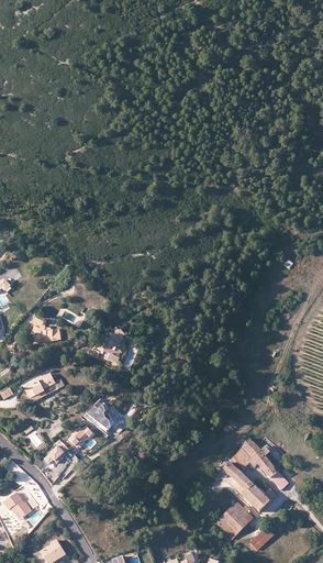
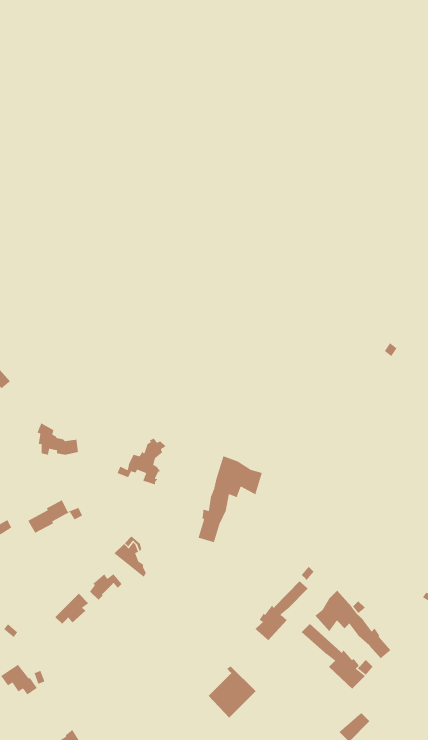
building: none -> [198,455,263,543]
building: none -> [254,581,309,641]
building: [216,499,252,538] -> [208,665,256,718]

